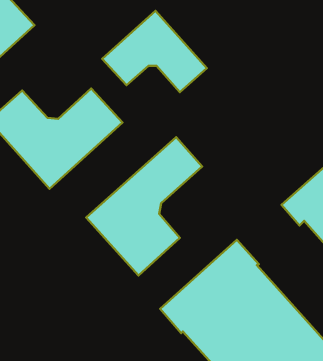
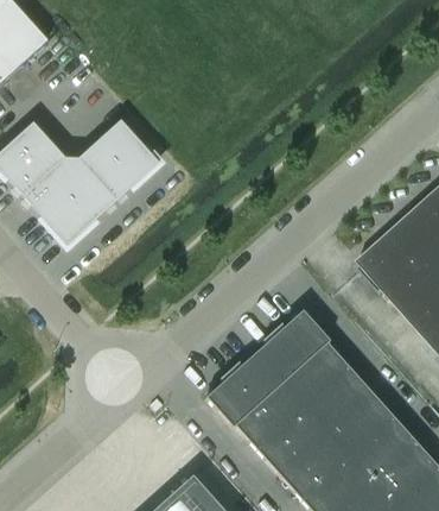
building: [102,11,207,92] -> none
building: [86,137,202,276] -> none

